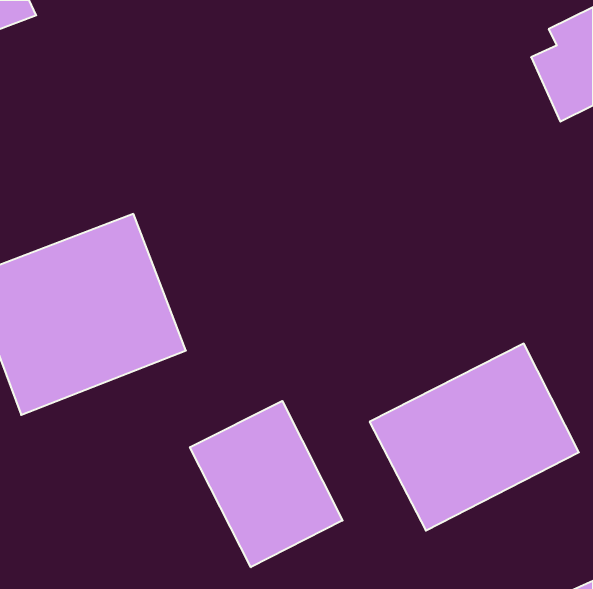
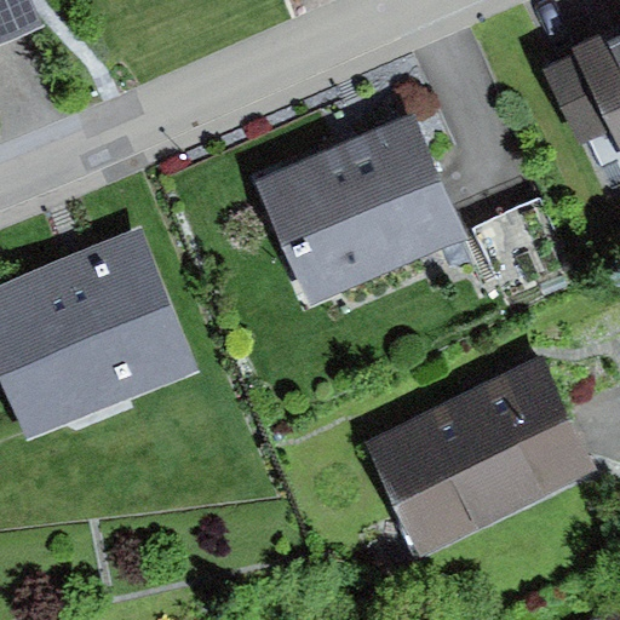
building: none -> [252,111,464,300]
building: [190,401,343,567] -> none

